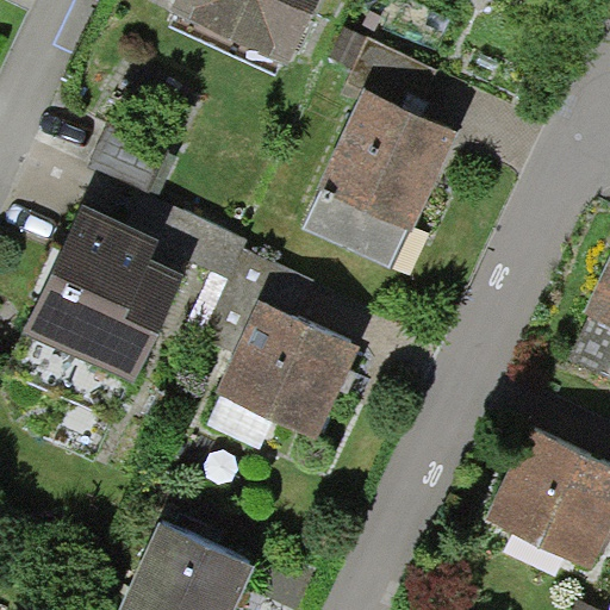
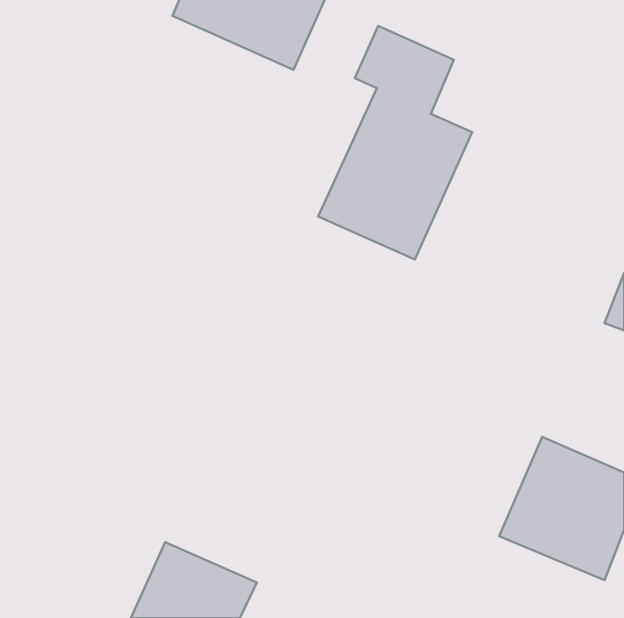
building: [26,216,187,384] -> none
building: [219,304,355,440] -> none

